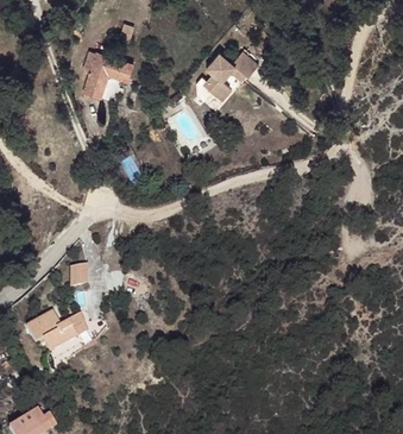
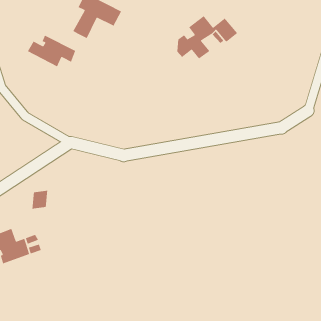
building: none -> [27,34,76,68]

